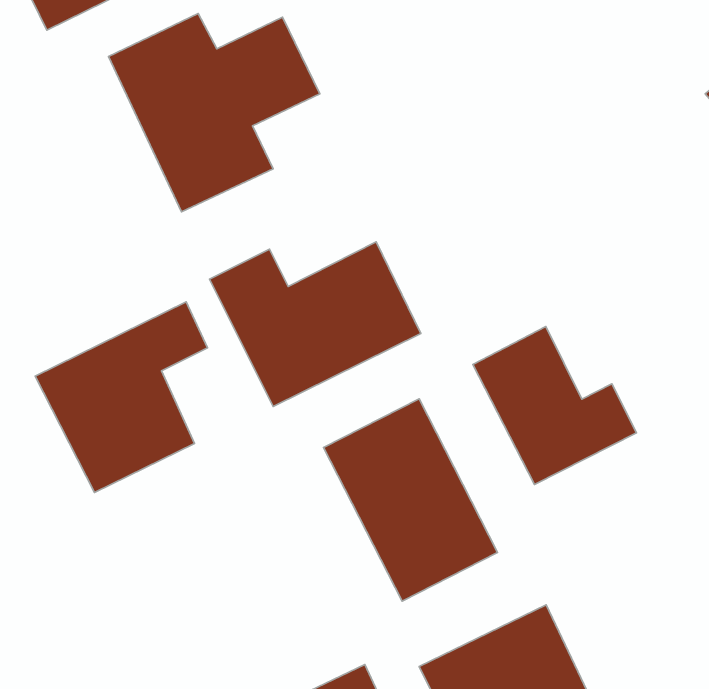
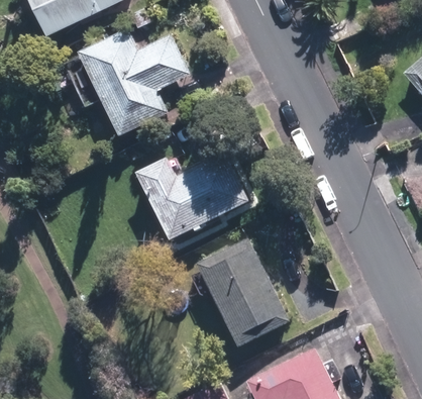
building: [35,302,208,493] -> none
building: [473,327,637,484] -> none

